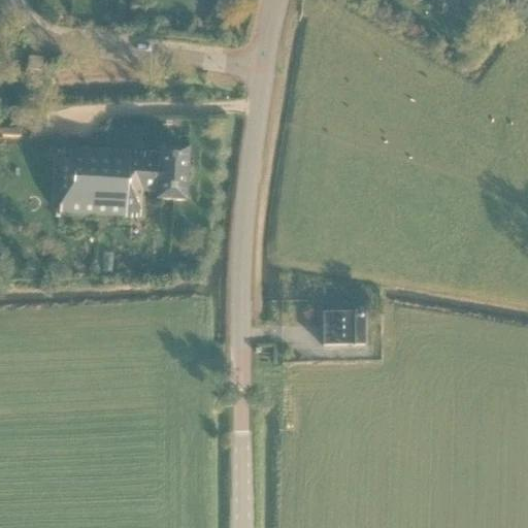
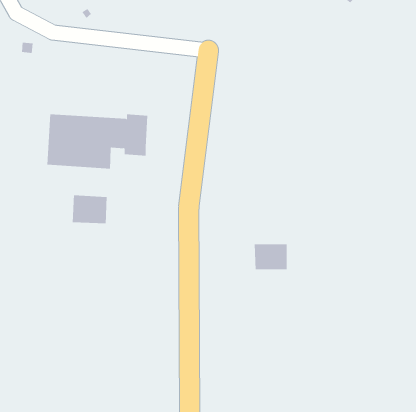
building: none -> [72,194,107,224]

